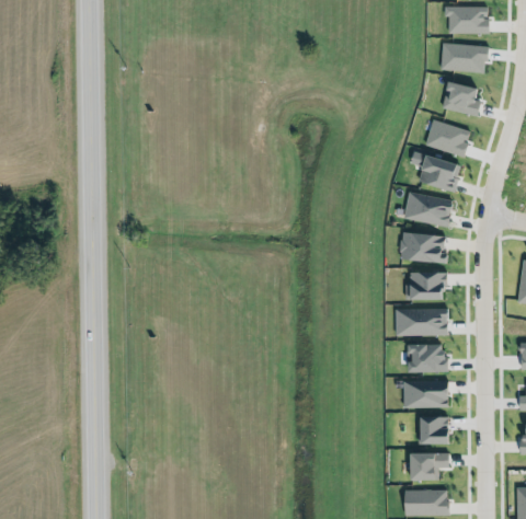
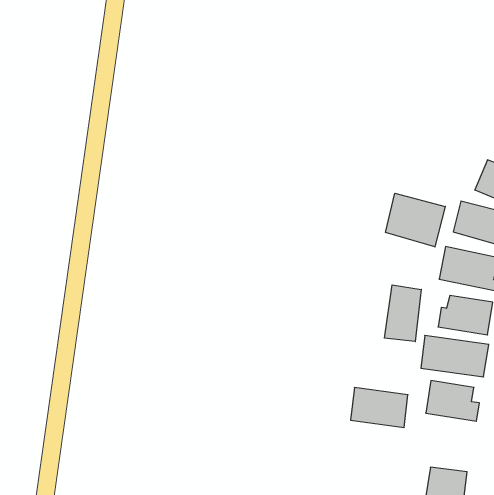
building: none -> [385,193,445,247]
building: none -> [385,285,421,342]
building: [403,380,449,408] -> [351,388,408,428]

